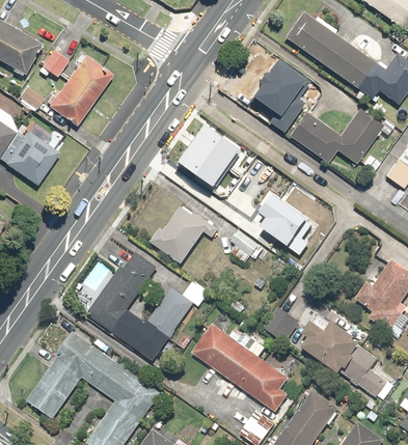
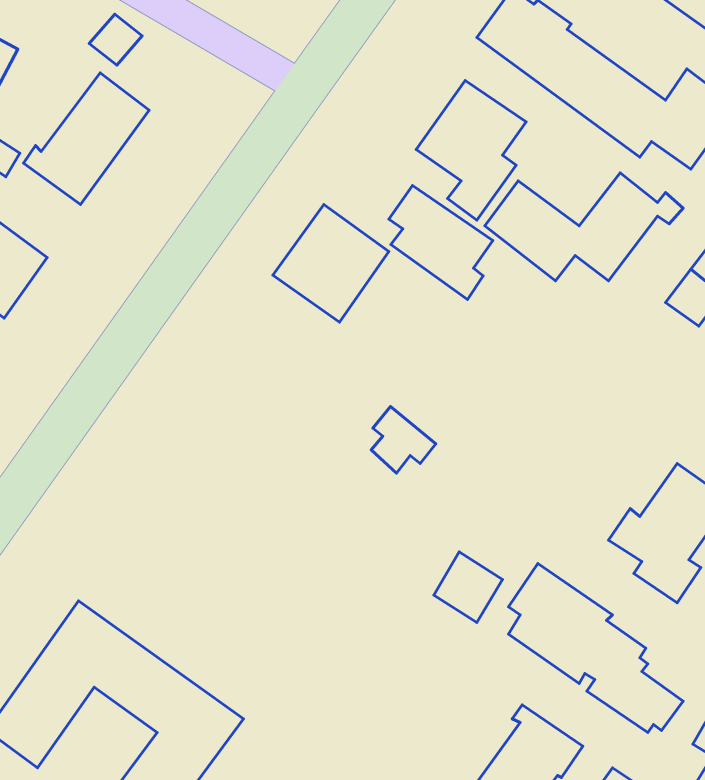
building: [40,49,69,76] -> [89,14,142,65]
building: [257,193,312,253] -> [389,186,493,300]
building: [151,208,218,266] -> none
building: [87,251,210,362] -> none
building: [192,326,290,414] -> none

